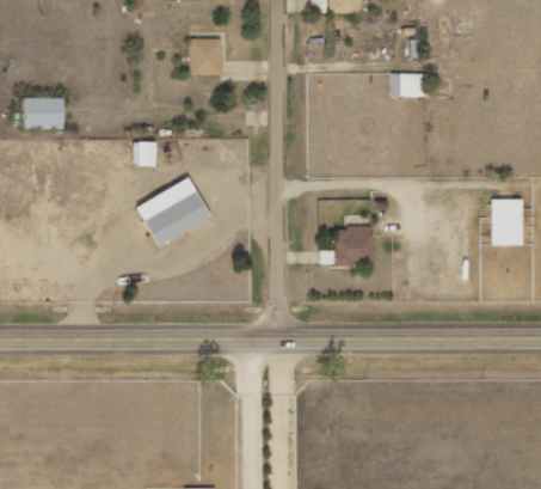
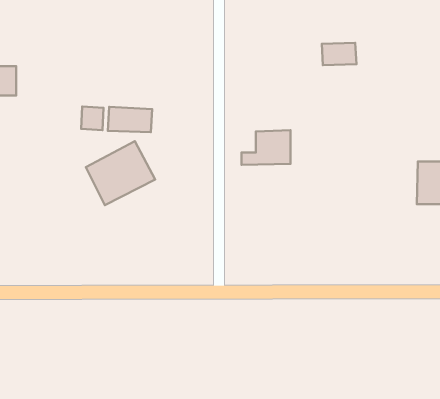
building: [190,37,222,74] -> none
building: none -> [108,107,152,132]
building: [319,226,371,263] -> [241,130,291,165]

